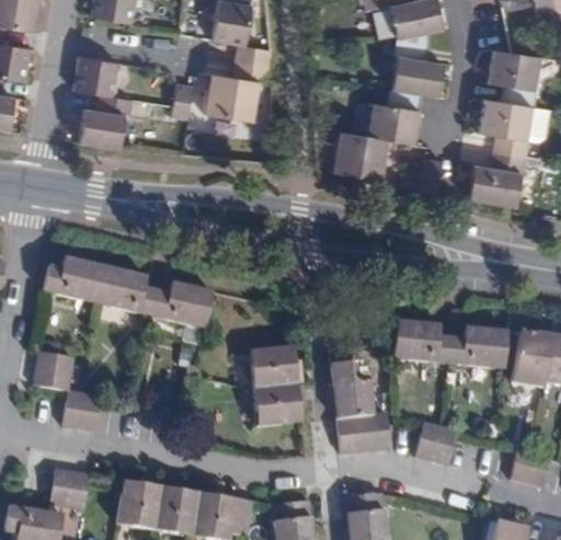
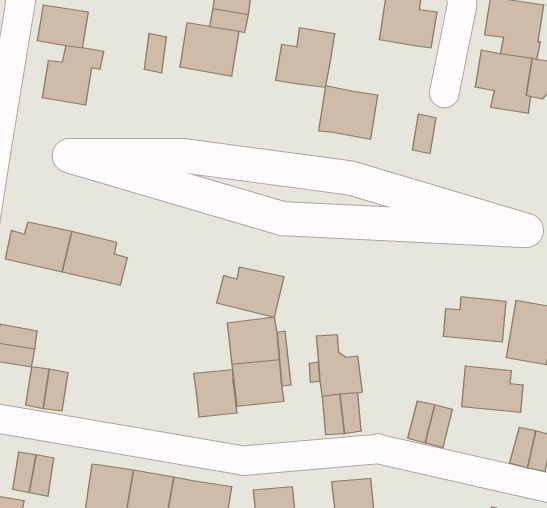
building: [367,88,422,142] -> [276,28,335,87]
building: [468,150,527,206] -> none
building: [150,282,213,328] -> [216,267,284,317]
building: [393,319,450,361] -> [462,366,523,412]
building: none -> [194,369,237,417]

